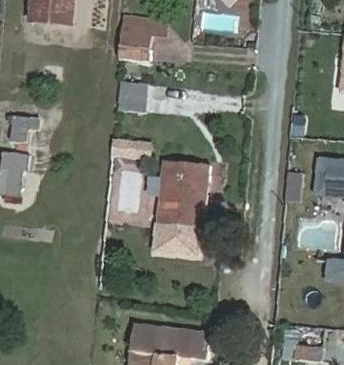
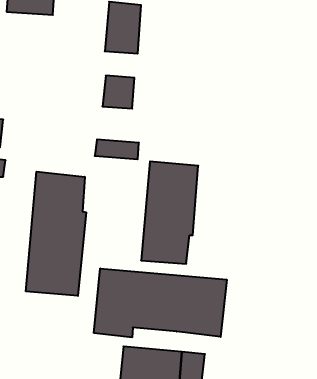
building: none -> [26,172,86,296]
building: none -> [94,268,227,337]

